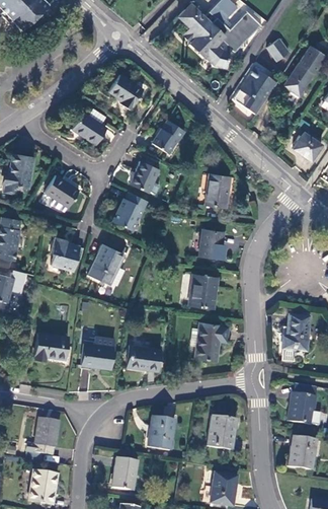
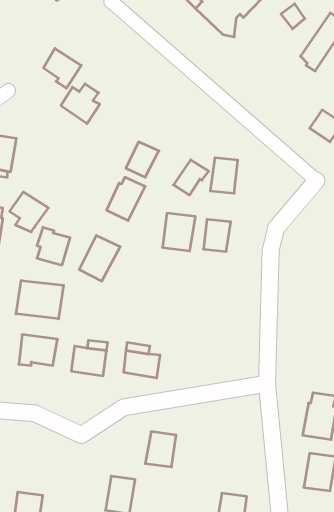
building: [235,67,277,114] -> none
building: [109,73,143,108] -> [44,48,81,88]
building: [153,120,184,151] -> [173,160,209,195]
building: [45,174,79,210] -> [10,192,48,232]
building: [188,274,218,307] -> [162,213,195,251]
building: none -> [16,280,64,319]
building: [282,315,309,352] -> none
building: [195,322,228,360] -> none
building: [207,416,236,449] -> none
building: [33,417,60,454] -> none

